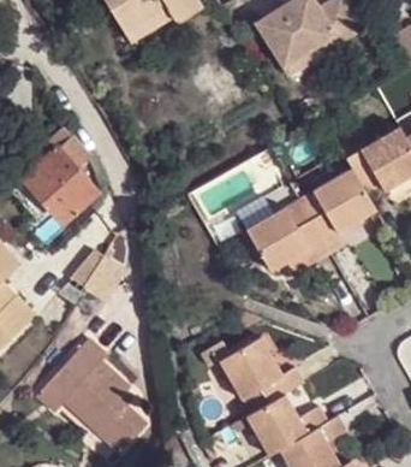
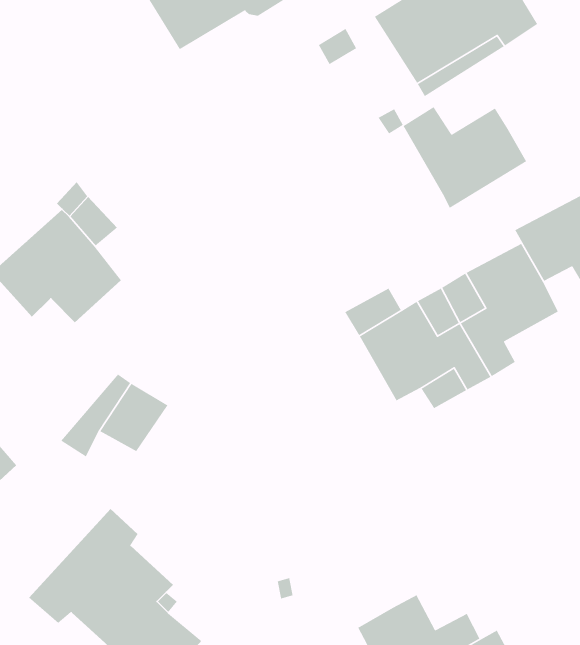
building: none -> [403,106,527,209]
building: [199,336,303,402] -> none

